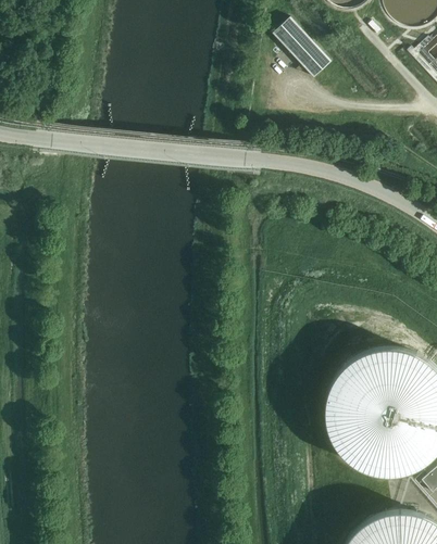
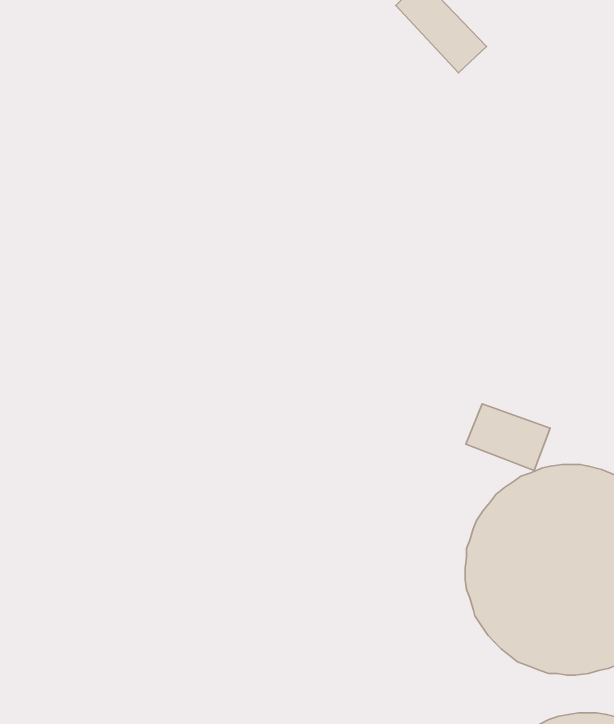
building: none -> [466,404,550,470]

